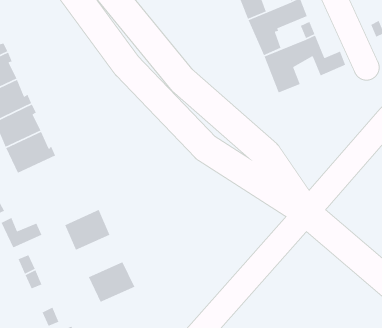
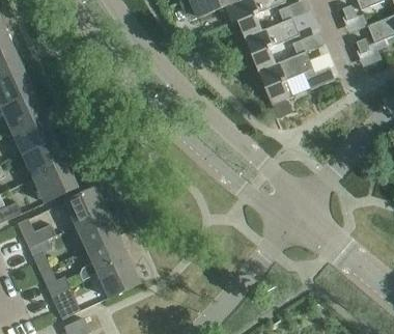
building: none -> [33,163,78,203]
building: none -> [64,188,108,226]
building: none -> [79,235,130,281]

